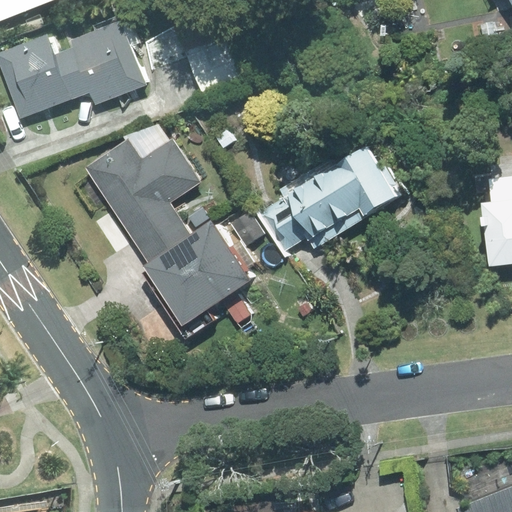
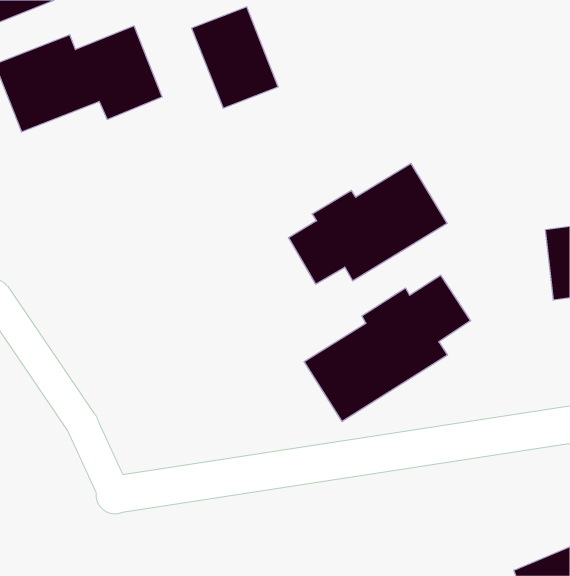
building: [86,138,255,326] -> none
building: none -> [304,275,471,422]

